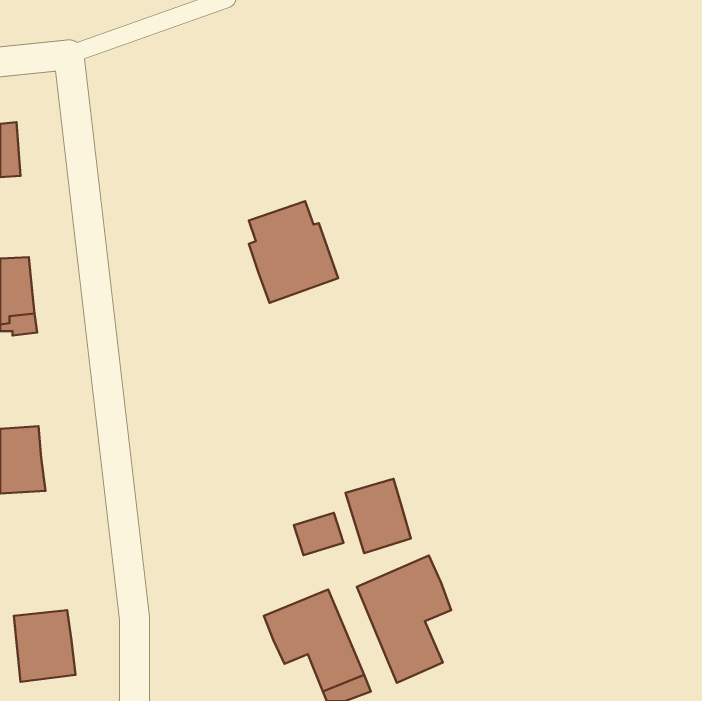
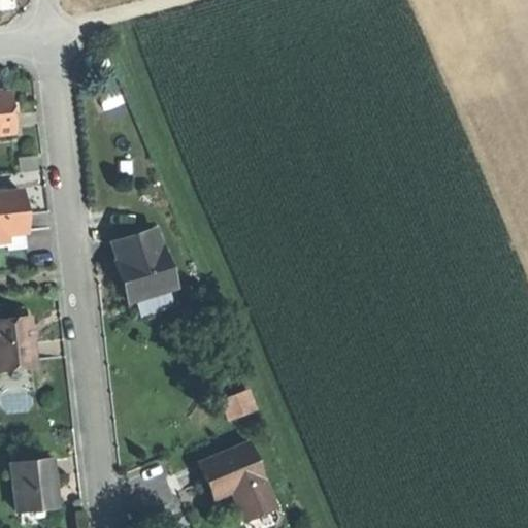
building: [249,201,338,303] -> [113,227,180,303]
building: [345,479,411,553] -> none
building: [357,555,451,683] -> none

